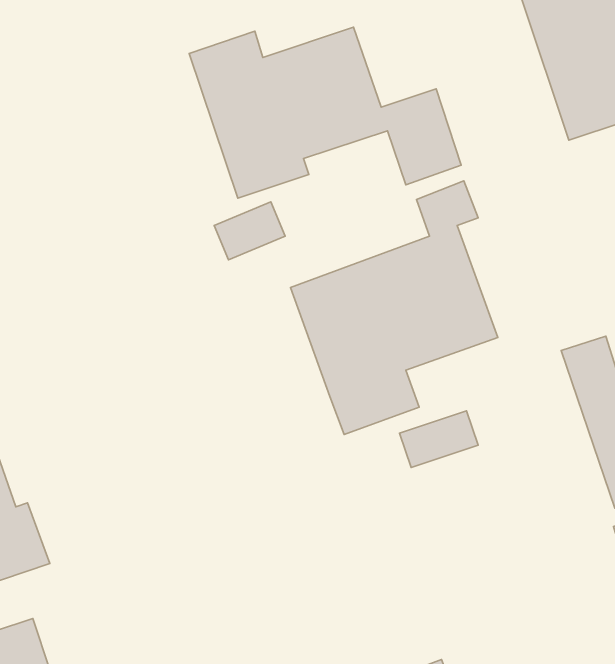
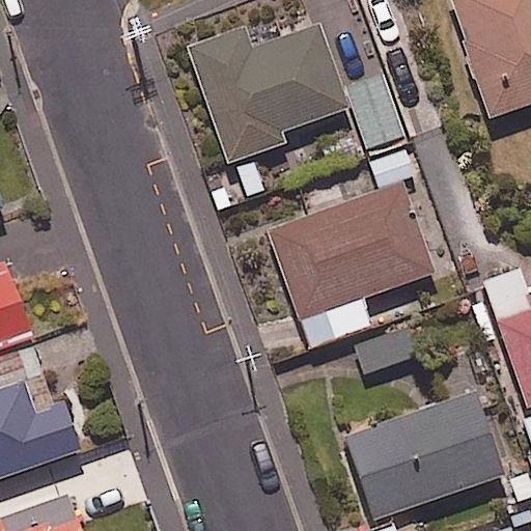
building: none -> [345,393,502,520]

